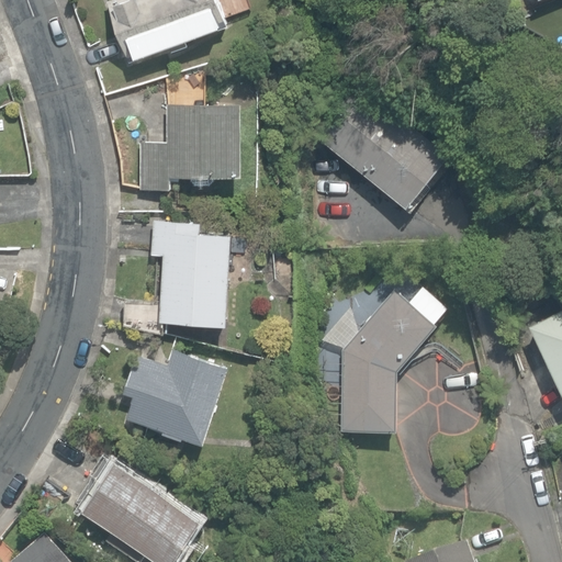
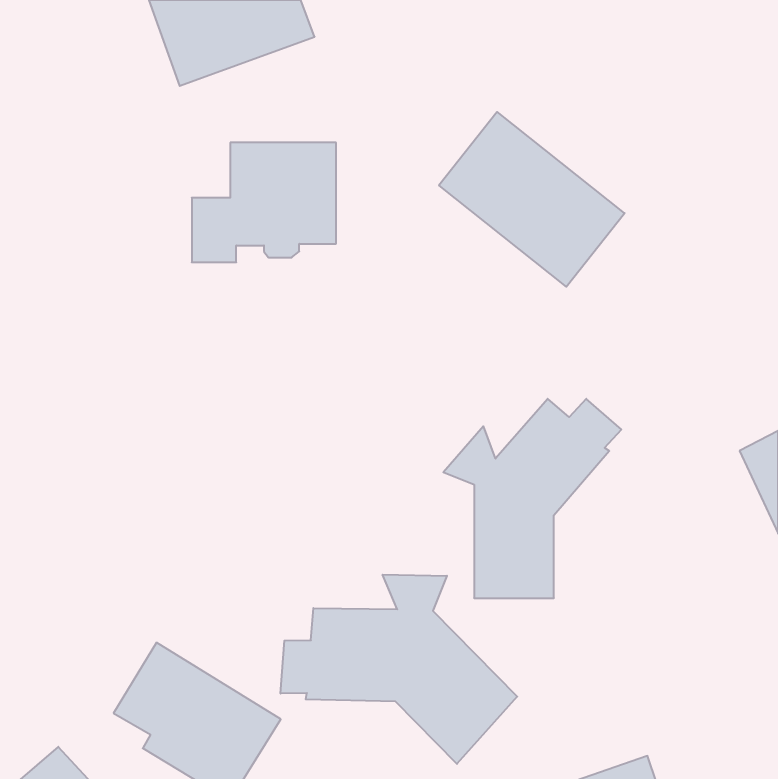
building: [122,221,231,336] -> none
building: [123,350,226,443] -> none
building: none -> [281,575,517,764]

